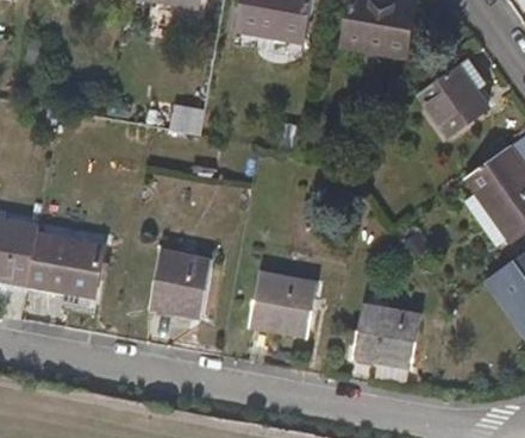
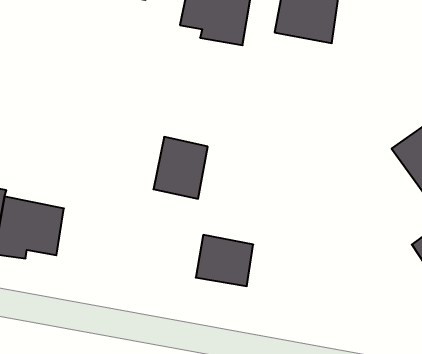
building: [423,58,487,130] -> none
building: [150,244,211,313] -> [153,137,208,199]
building: [351,302,418,362] -> none

